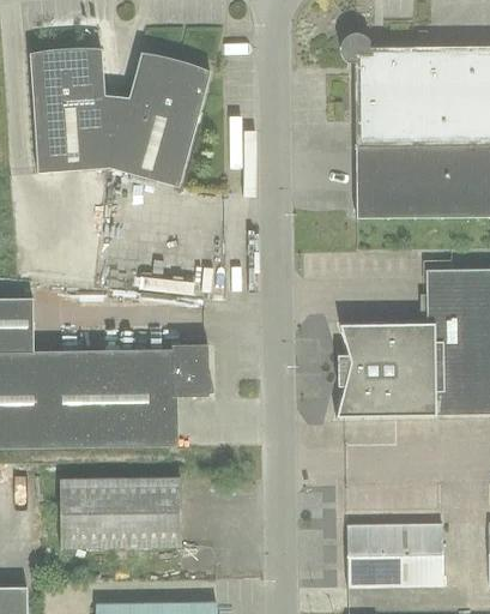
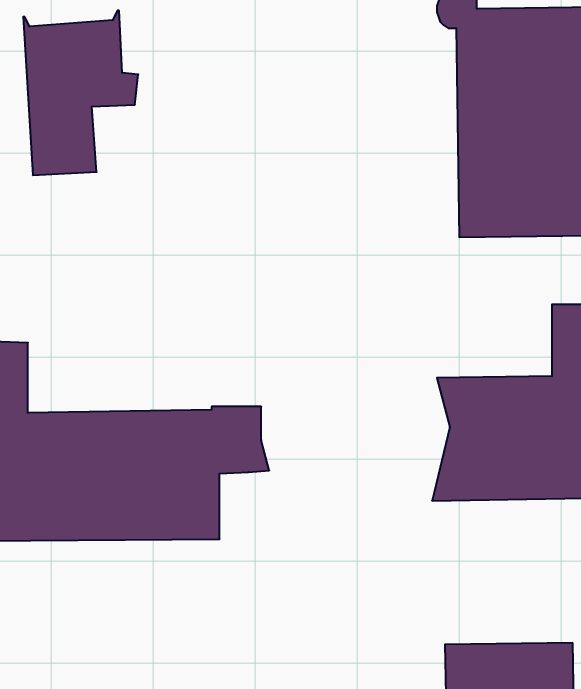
building: [81,52,211,186] -> none
building: [60,477,181,547] -> none

